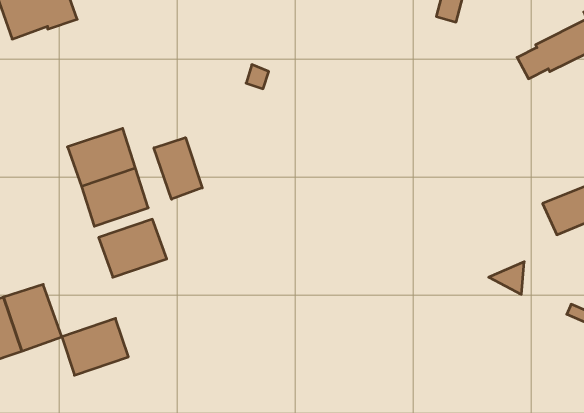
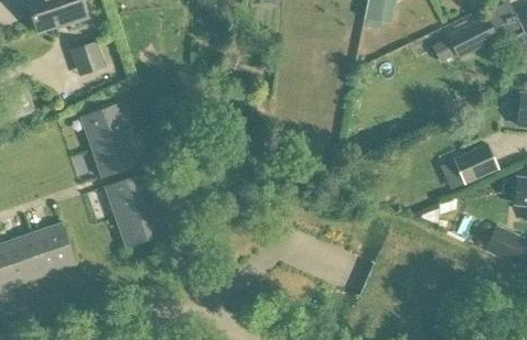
building: none -> [73,41,106,75]
building: [154,138,202,199] -> none
building: [62,318,128,375] -> [117,202,169,246]

